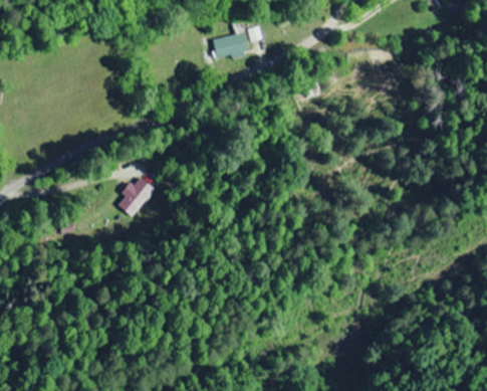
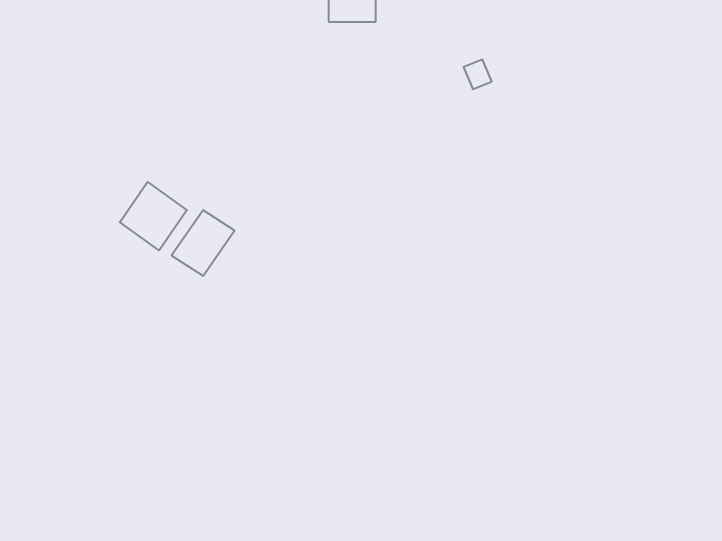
building: none -> [120,182,187,250]

